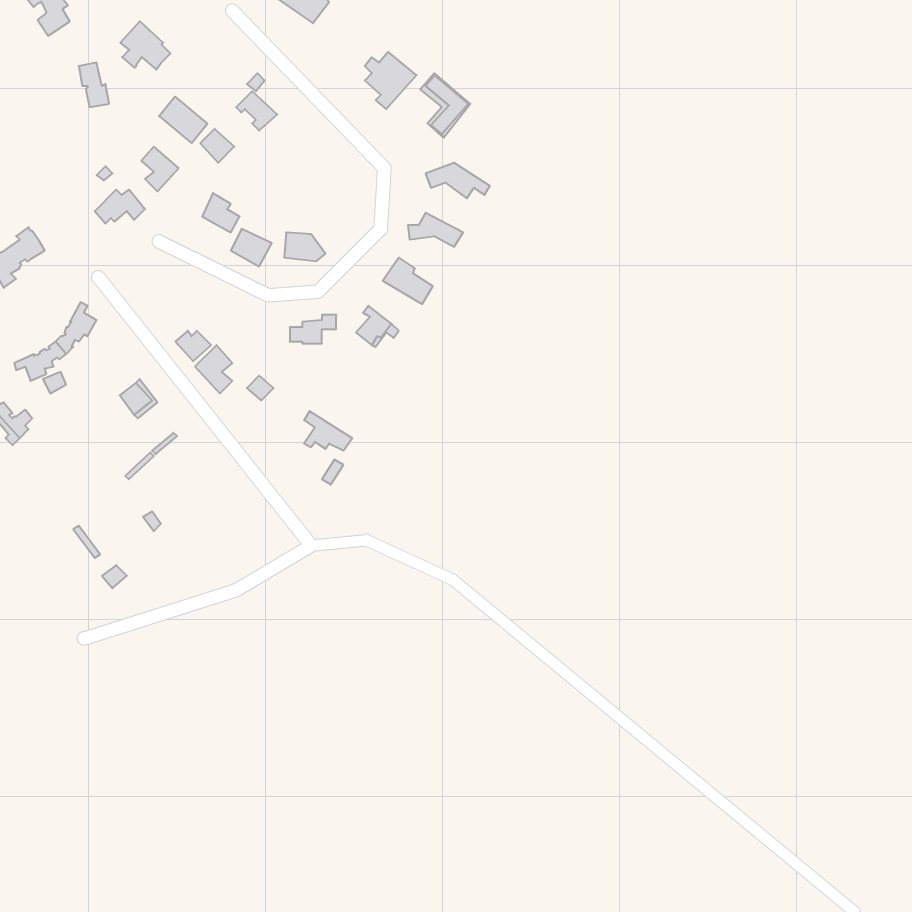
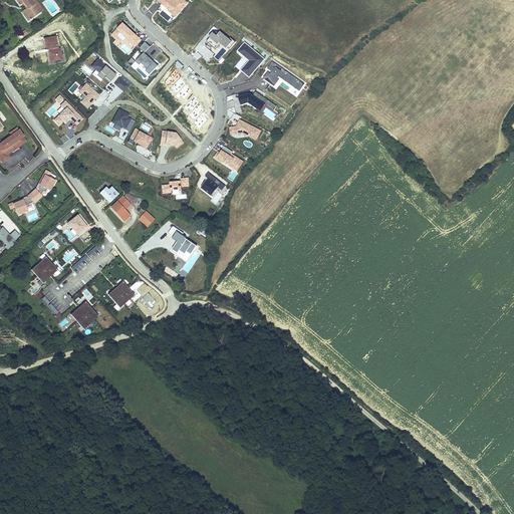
building: [120,21,170,70] -> [111,22,140,49]
building: none -> [259,59,303,90]
building: none -> [30,256,57,282]
building: none -> [107,280,135,308]
building: none -> [69,300,97,328]

